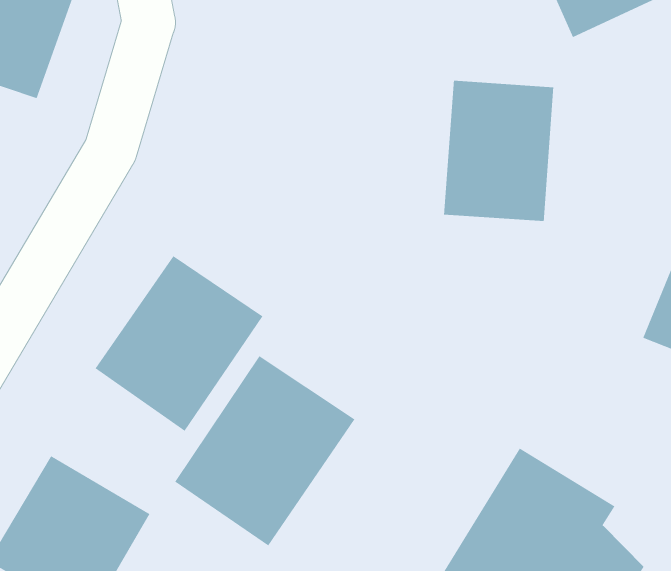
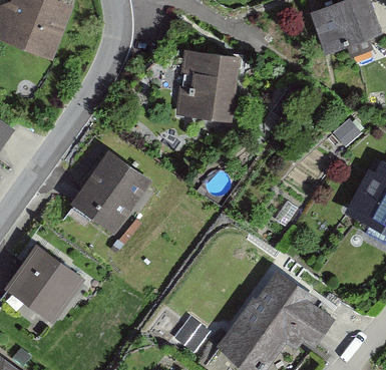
building: [443,80,554,222] -> [172,46,235,122]
building: [174,355,355,547] -> none

